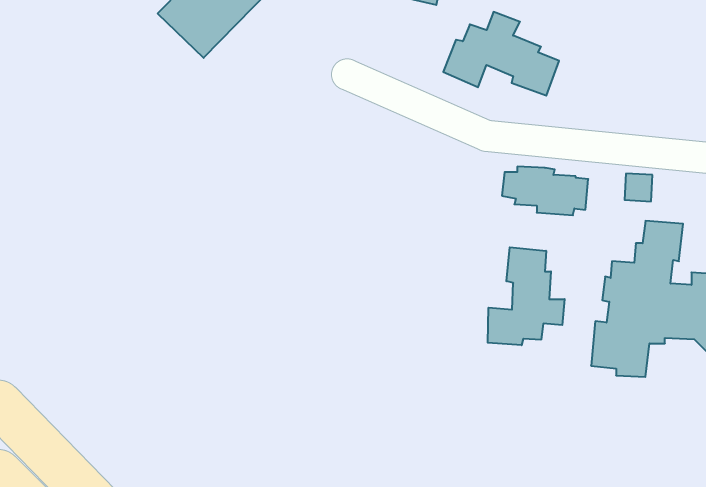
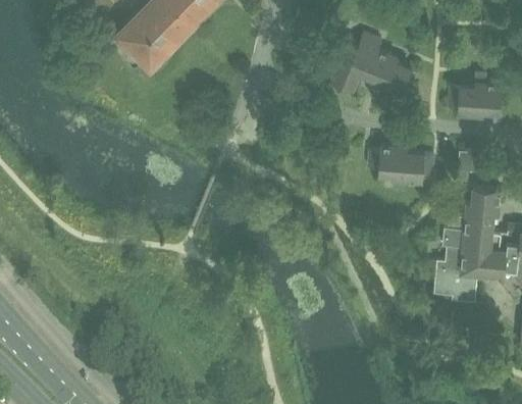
building: none -> [451,83,504,116]
building: [488,247,565,345] -> none

